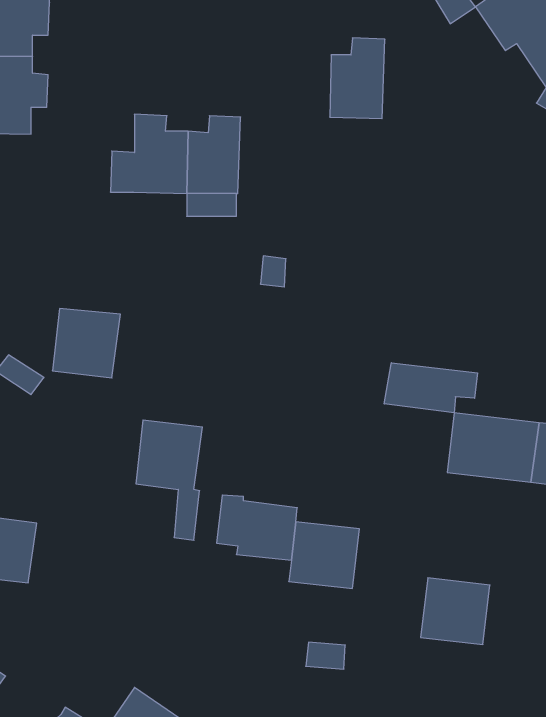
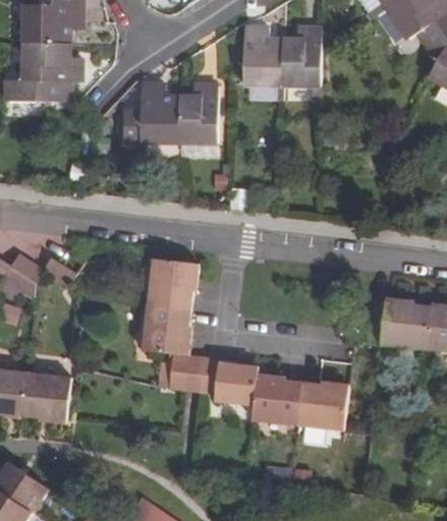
building: none -> [244,27,283,85]
building: [52,309,120,378] -> [148,258,197,308]
building: [384,363,477,413] -> none
building: [421,578,490,644] -> [298,382,348,429]

